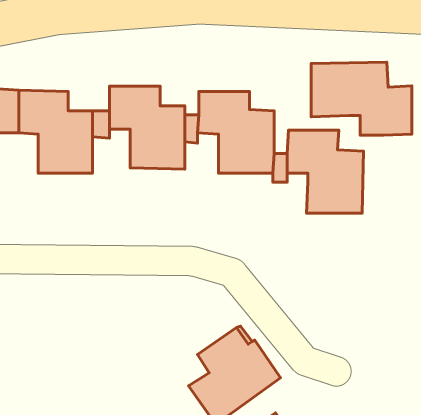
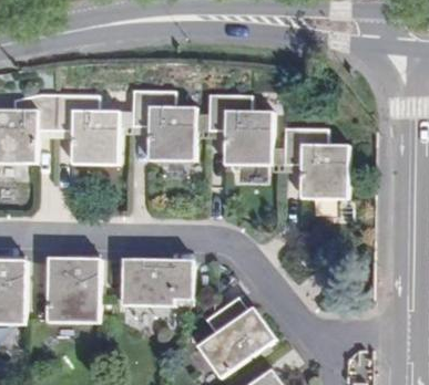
building: [311,62,412,135] -> none
building: none -> [45,258,98,323]
building: none -> [122,258,194,306]

